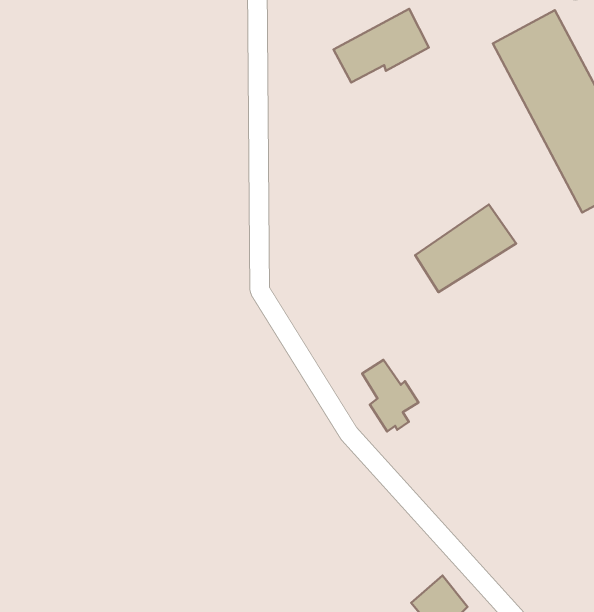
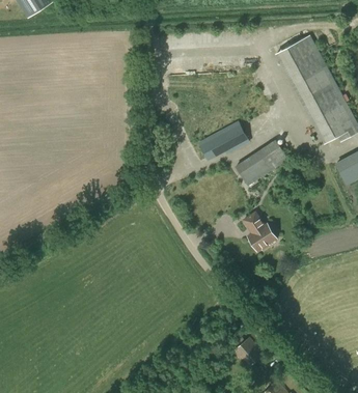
building: [334,9,429,82] -> [198,120,249,160]
building: [362,360,418,432] -> [244,213,274,251]

